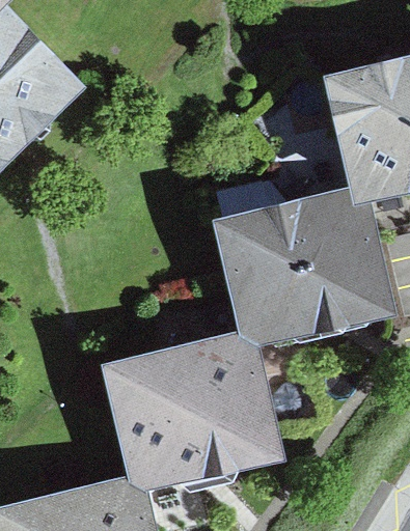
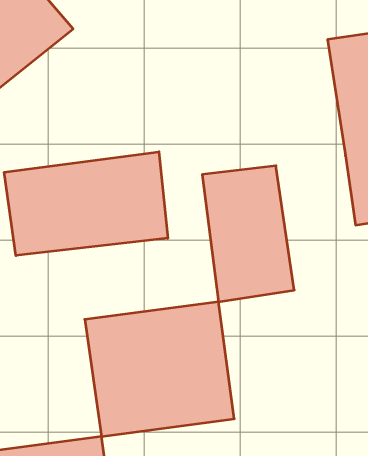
building: [292,185,388,323] -> none
building: none -> [4,152,168,256]

